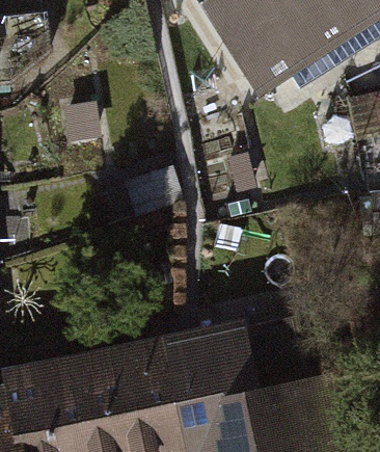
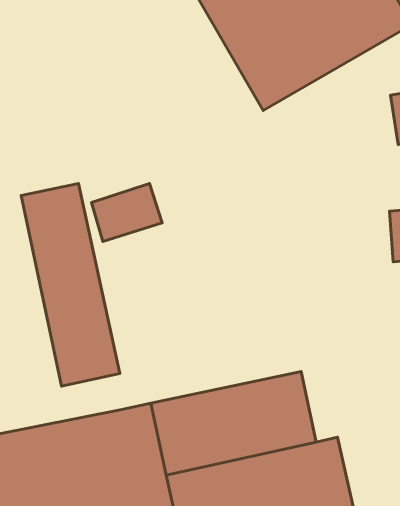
building: none -> [21,183,120,386]

